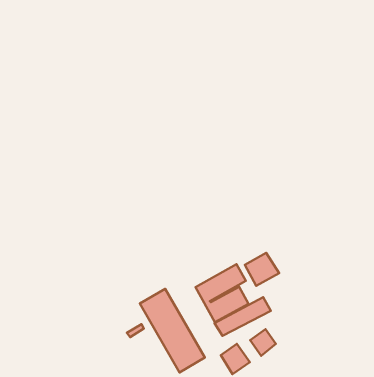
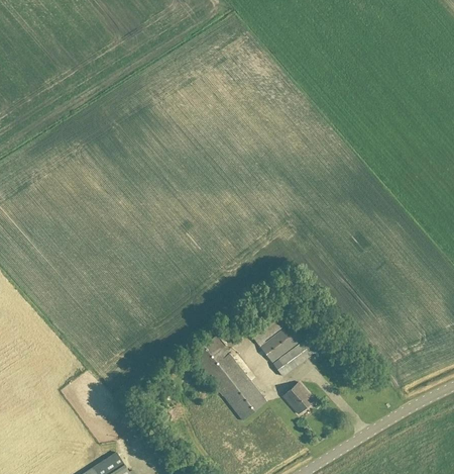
building: [245,253,279,286] -> none
building: [250,329,276,356] -> none

